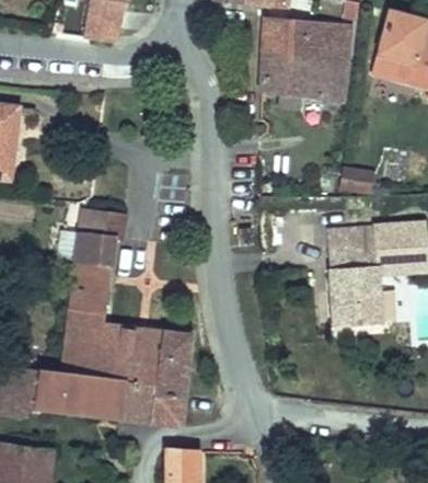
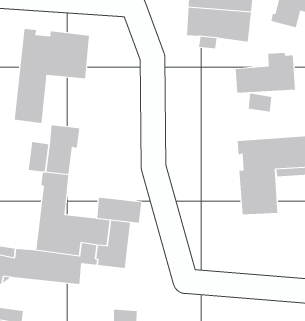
building: none -> [14,28,90,124]
building: none -> [235,52,296,93]
building: [124,389,183,423] -> [97,197,142,223]

